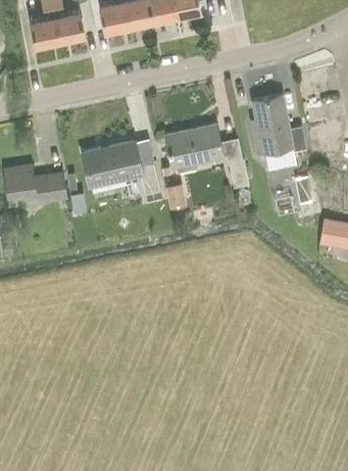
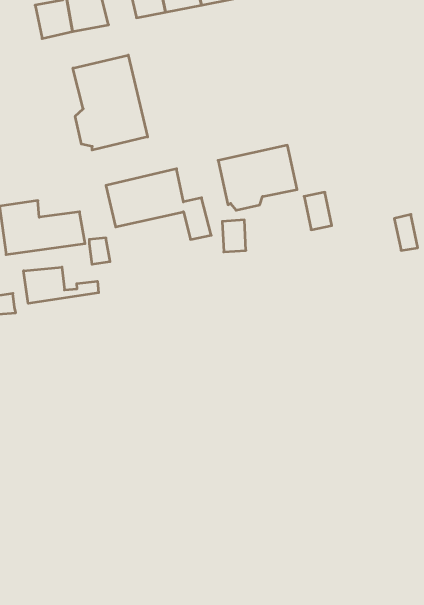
building: none -> [73,55,148,150]
building: [252,96,306,155] -> none
building: none -> [24,267,99,303]

